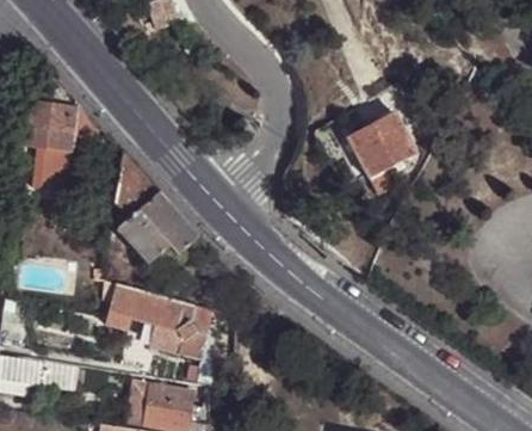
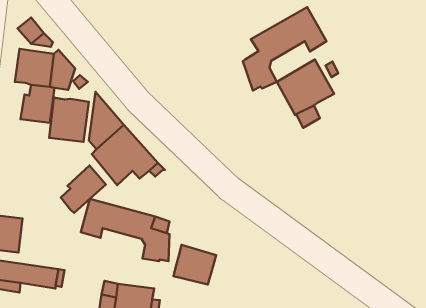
building: none -> [243,7,327,90]
building: none -> [49,98,89,142]
building: none -> [61,165,106,213]
building: none -> [173,245,216,284]

